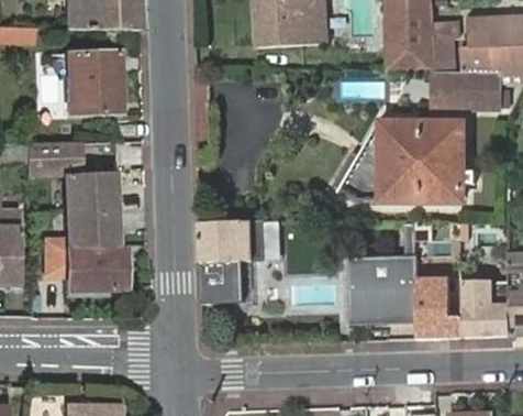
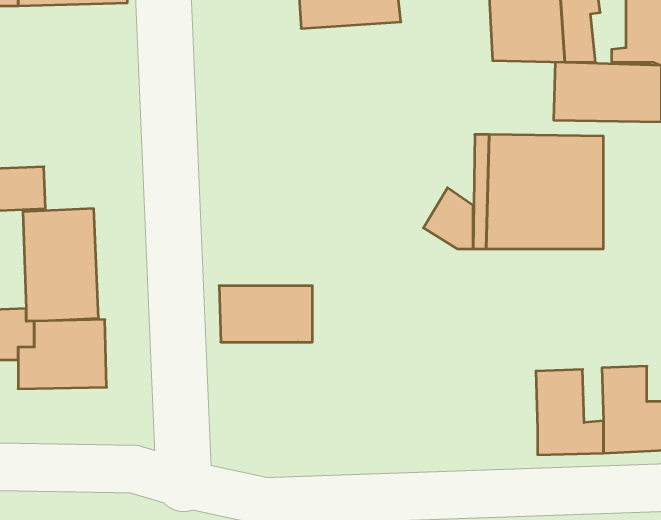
building: [64,48,118,110] -> none
building: [350,253,419,320] -> none
building: [202,260,255,300] -> none

